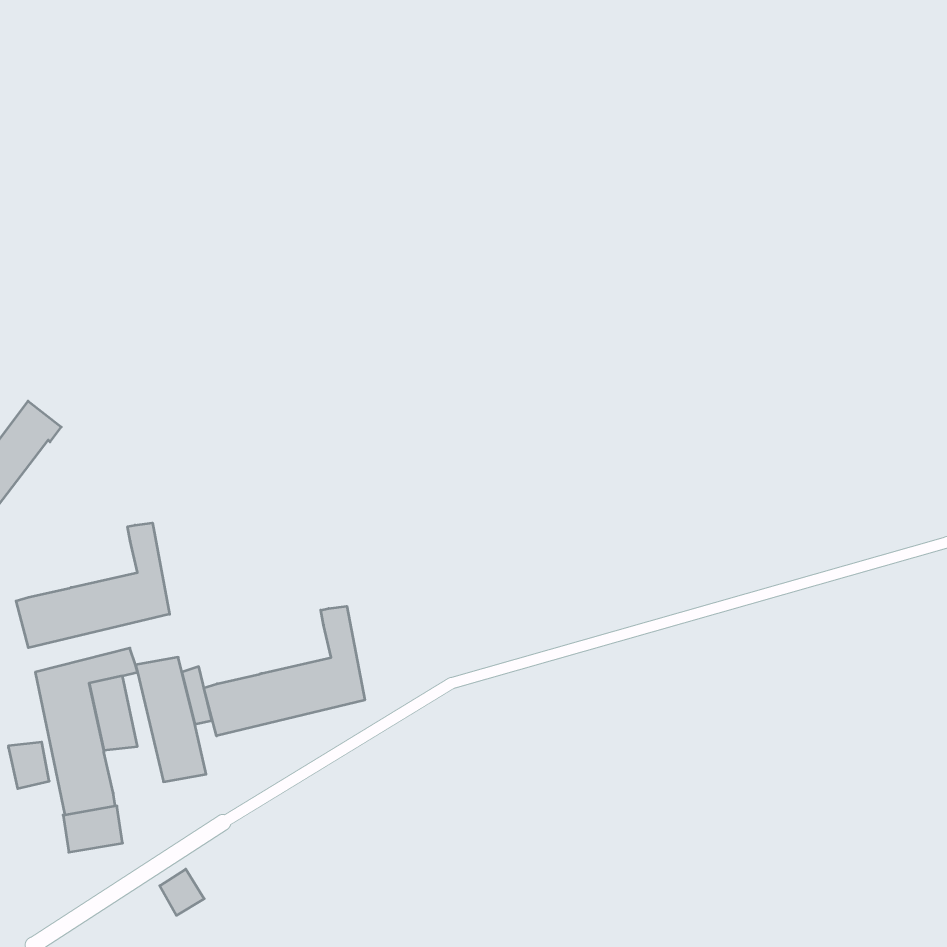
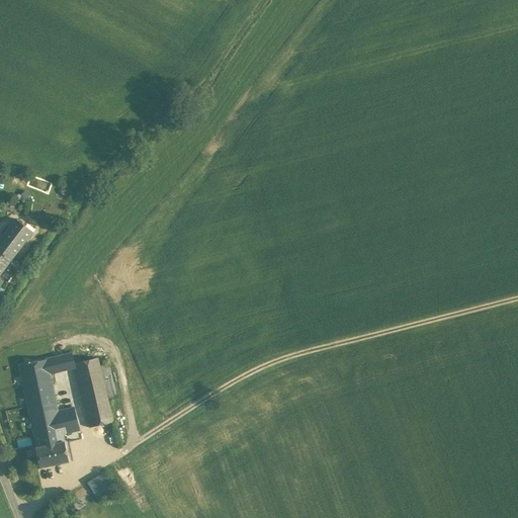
building: [16,523,170,648] -> none
building: [204,606,365,736] -> none
building: [8,742,49,789] -> [57,408,79,433]

